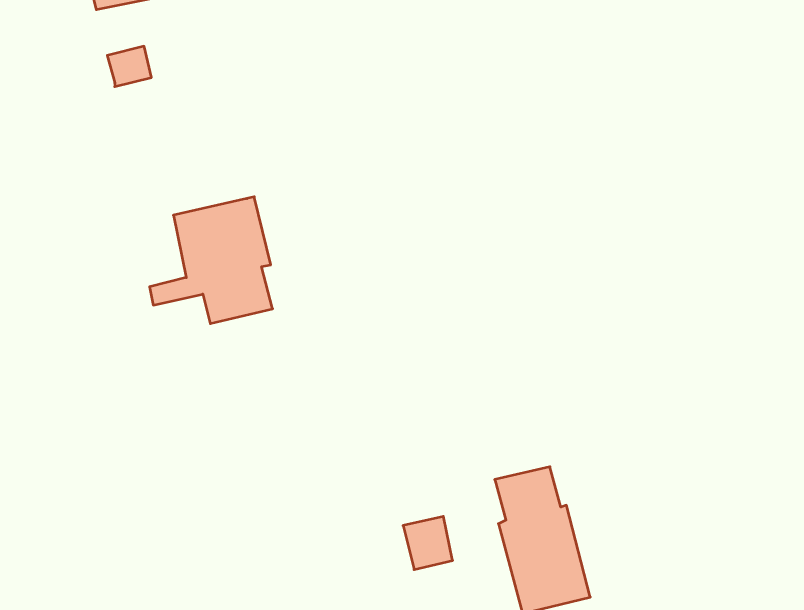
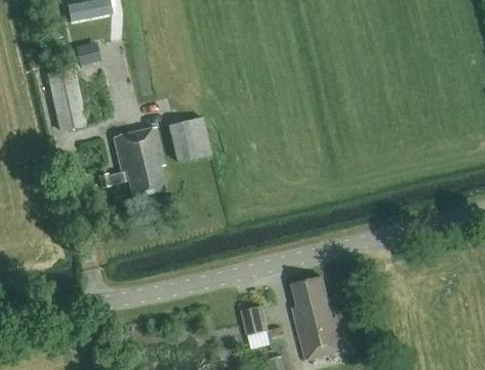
building: none -> [45,66,85,129]
building: none -> [167,116,210,162]

